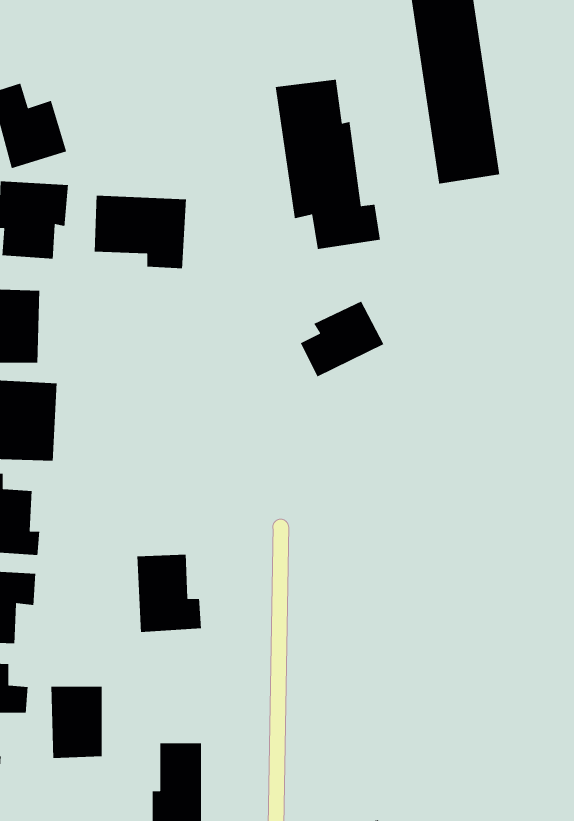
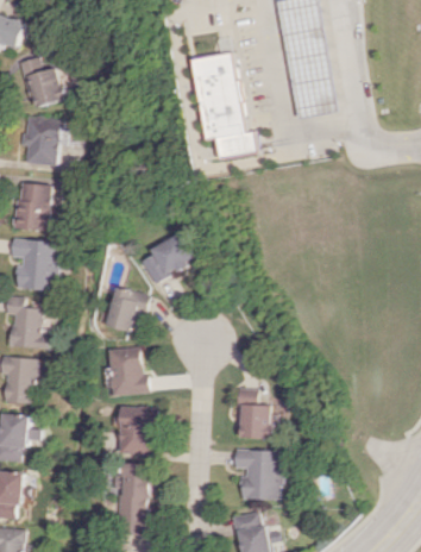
building: [94,195,187,269] -> none
building: [300,300,384,377] -> [142,234,194,282]
building: none -> [107,287,147,333]
building: none -> [233,389,269,439]
building: [51,686,103,759] -> [118,407,150,452]
building: none -> [231,450,276,500]

